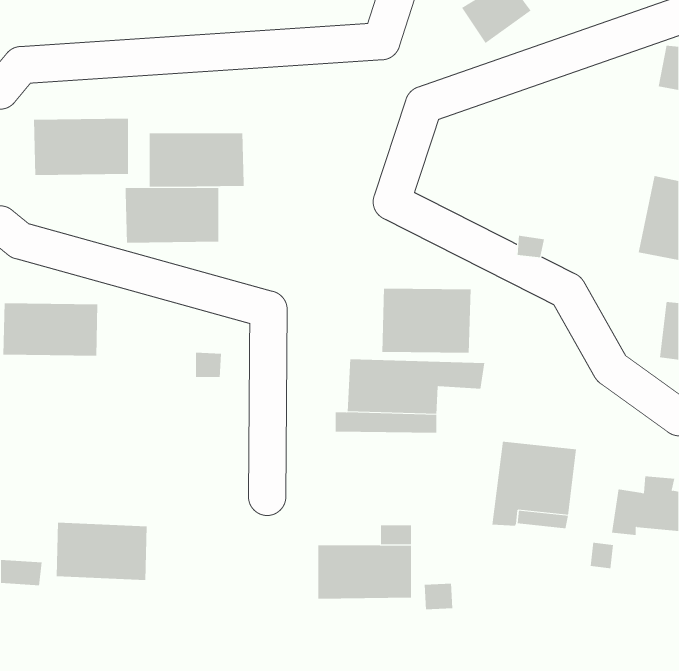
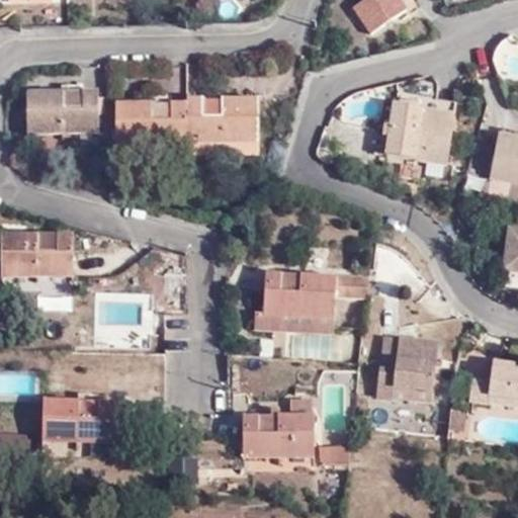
building: none -> [382,102,452,163]
building: [125,187,219,243] -> [185,97,257,140]
building: [382,288,471,354] -> none

